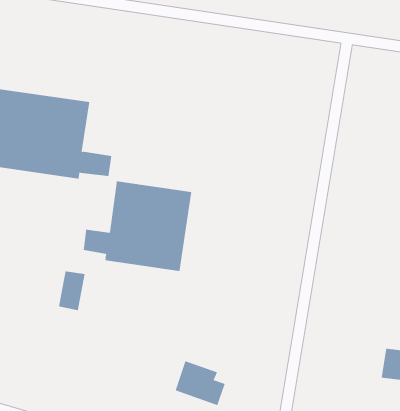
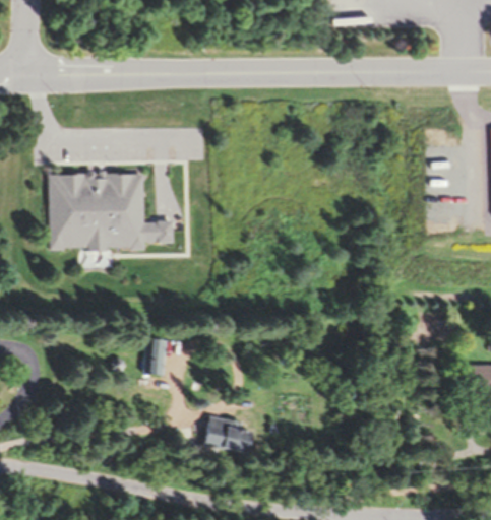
building: [83,180,192,272] -> none
building: [175,361,225,406] -> [203,415,251,454]

